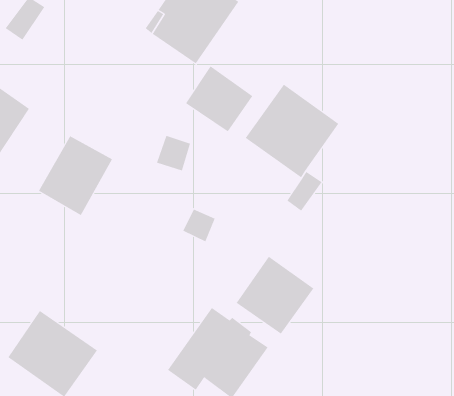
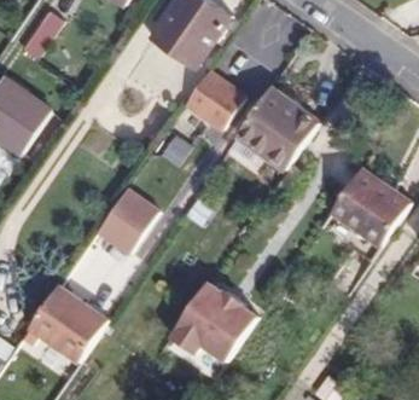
building: [38,135,113,216] -> [93,184,158,254]
building: none -> [330,168,409,245]
building: [236,256,314,334] -> none

